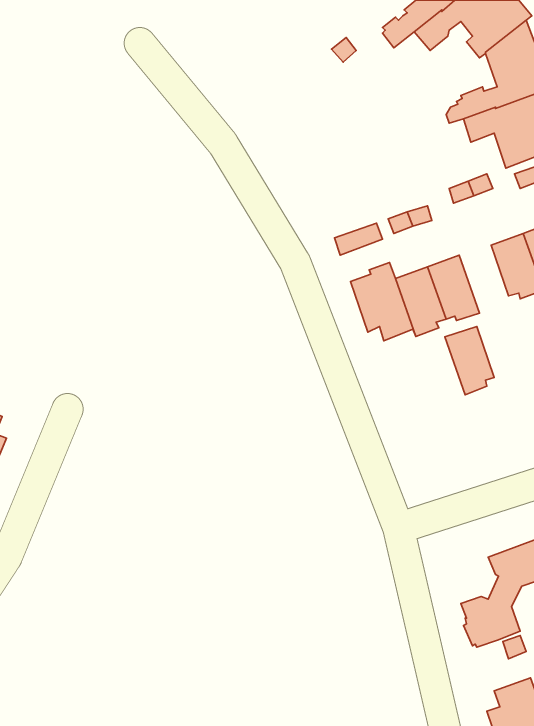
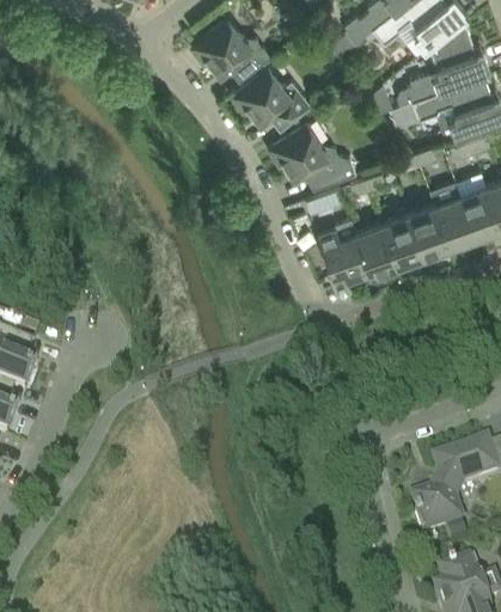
building: none -> [190,18,270,81]
building: none -> [232,67,311,130]
building: none -> [268,123,354,188]
building: [445,327,494,395] -> [408,204,448,261]

